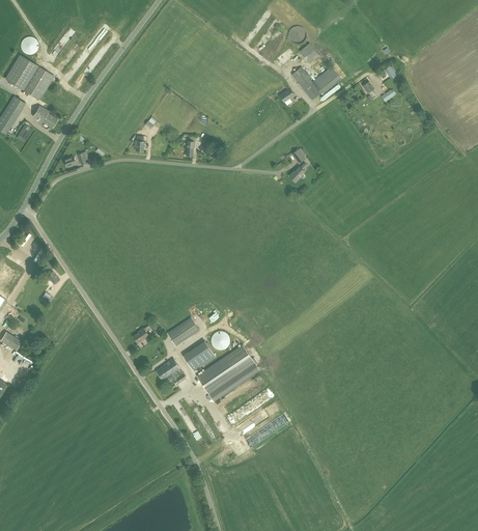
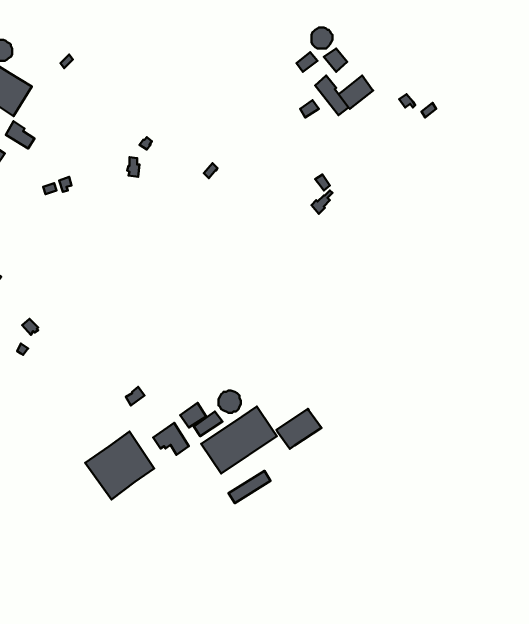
building: [167,317,198,345] -> none
building: none -> [276,409,322,449]
building: none -> [85,432,154,500]

